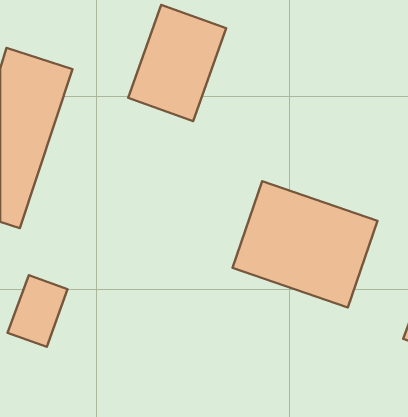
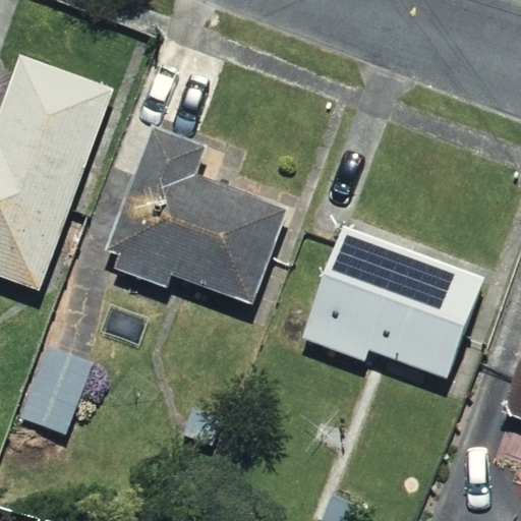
building: [128,5,226,121] -> none
building: none -> [108,130,287,307]

